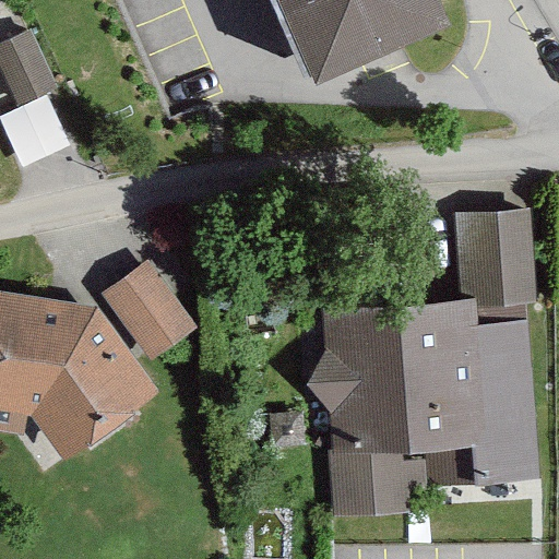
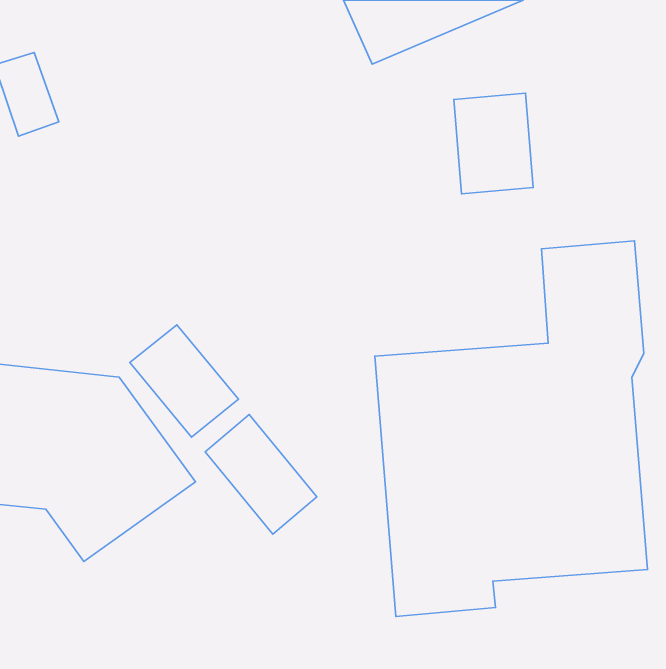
building: none -> [454,93,533,194]
building: none -> [205,415,317,534]

